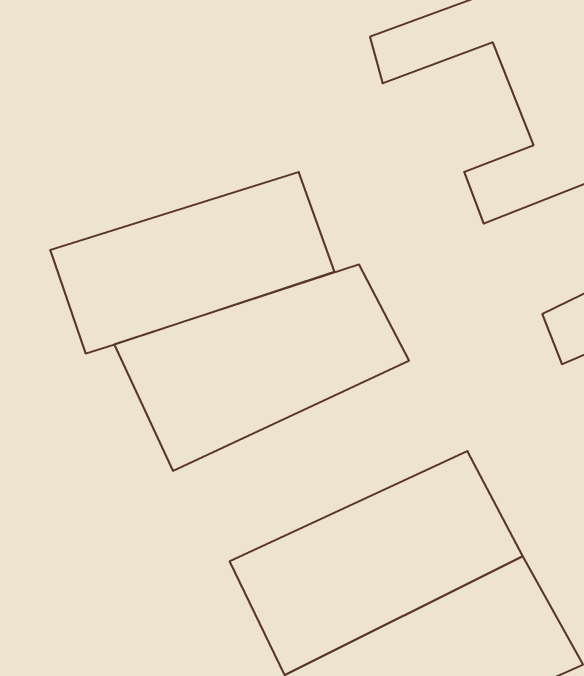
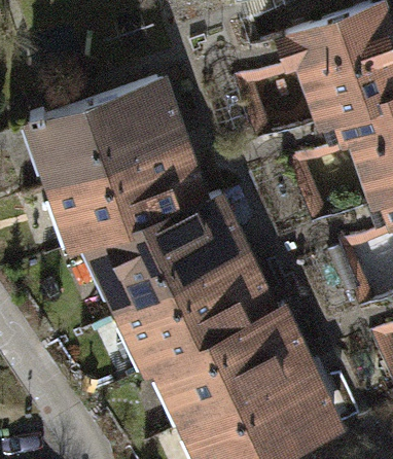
building: none -> [22,82,188,189]
building: none -> [115,253,286,370]

